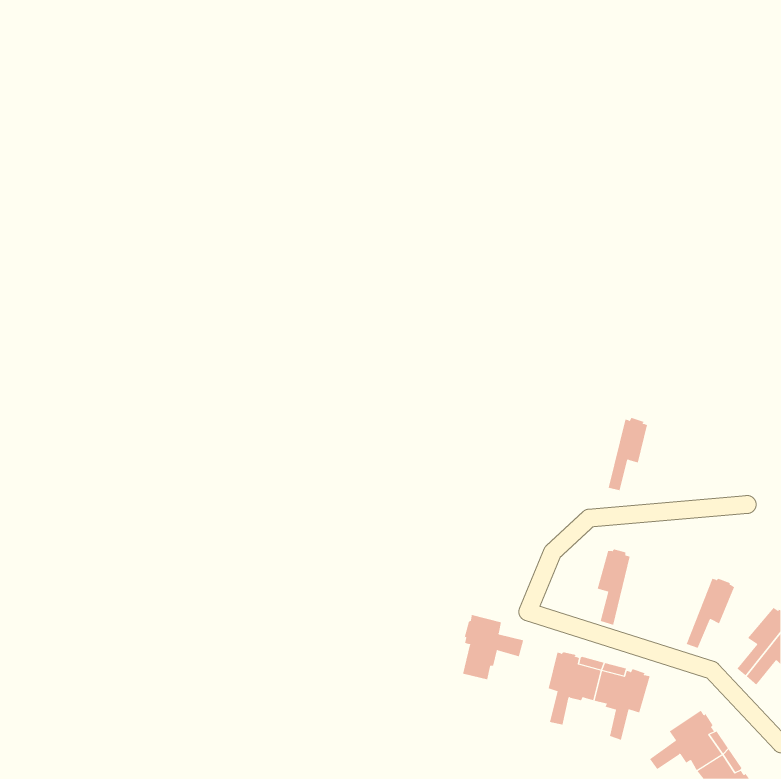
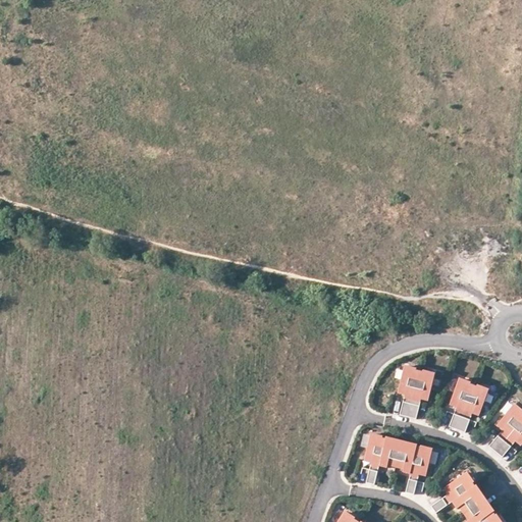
building: [608,417,648,491] -> [408,369,434,418]
building: none -> [449,378,473,428]
building: [463,614,524,680] -> none

